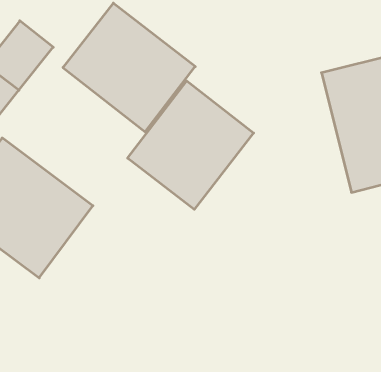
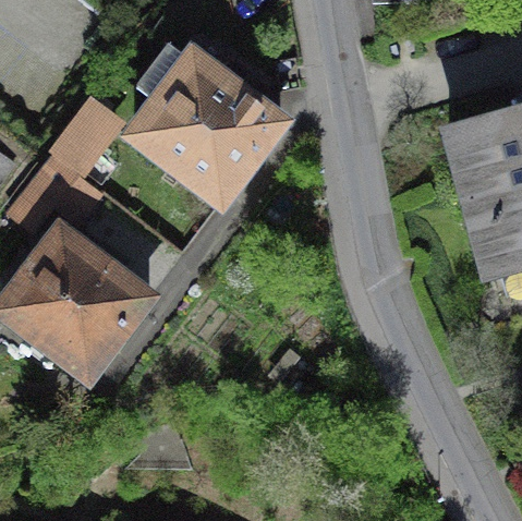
building: [128,81,254,209] -> none

